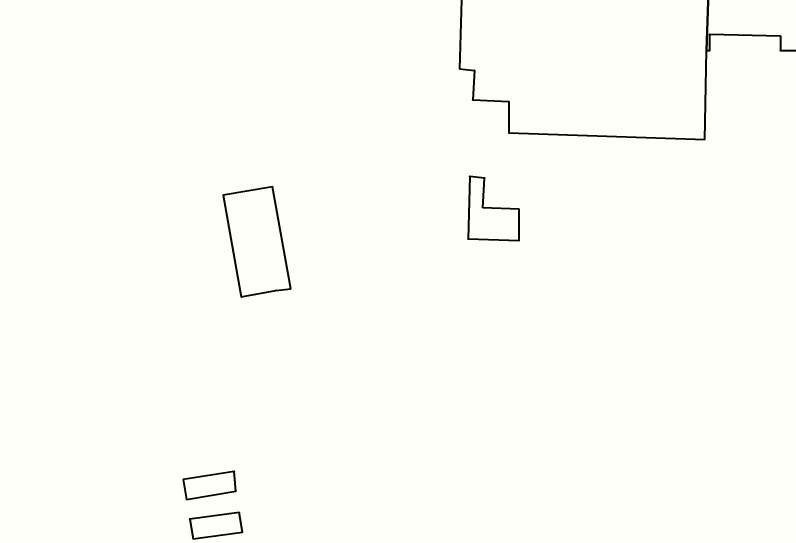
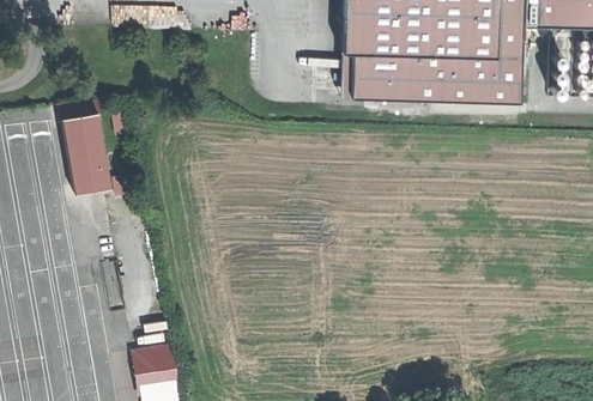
building: [468,176,519,241] -> [340,50,377,97]
building: [223,187,291,297] -> [67,111,116,192]

